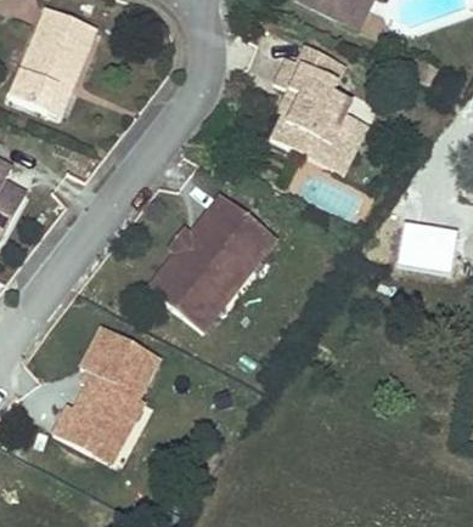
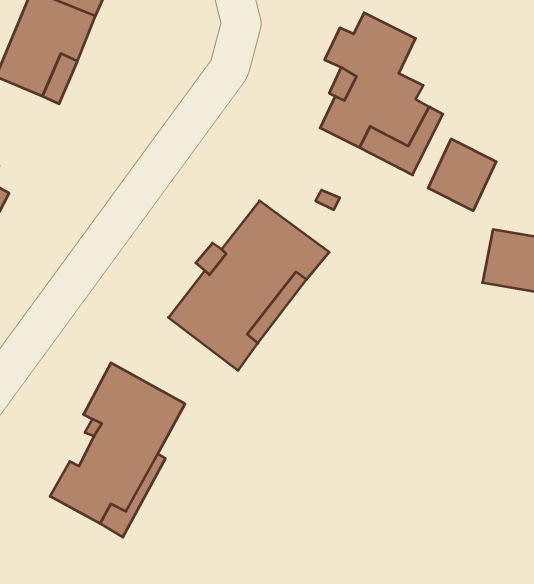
building: none -> [428,139,496,211]

